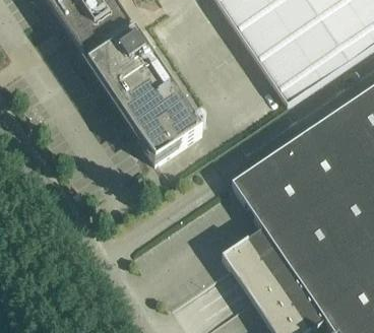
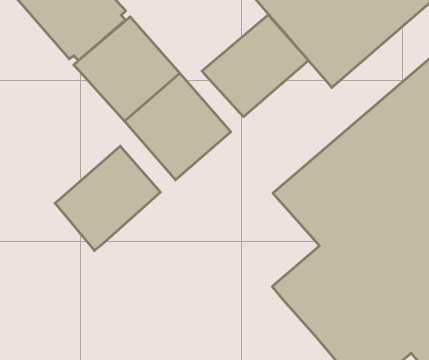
building: none -> [202,15,308,117]
building: none -> [55,146,160,251]

